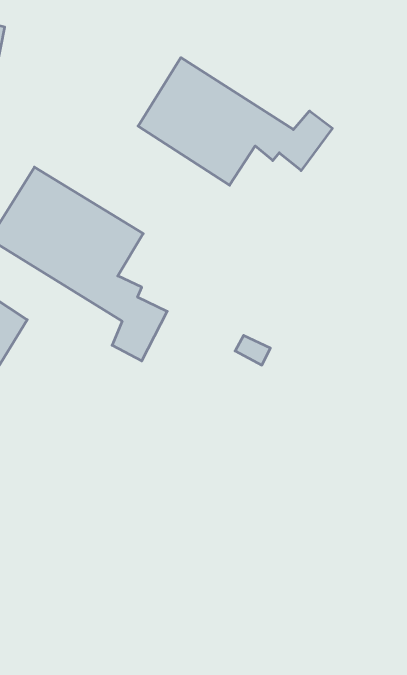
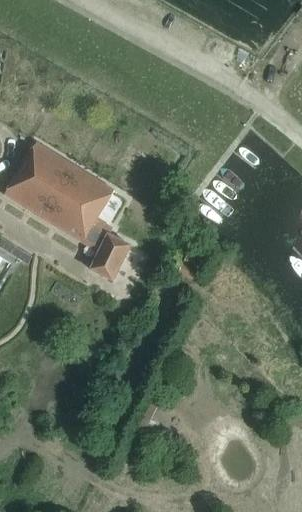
building: [138,58,332,185] -> none

